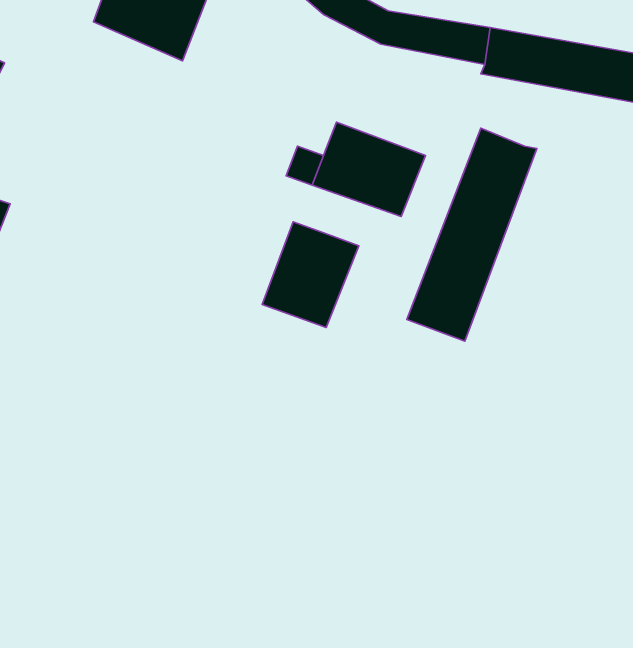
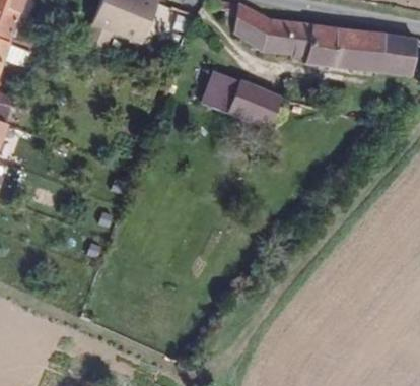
building: [407,128,537,341] -> none
building: [262,222,359,327] -> none

